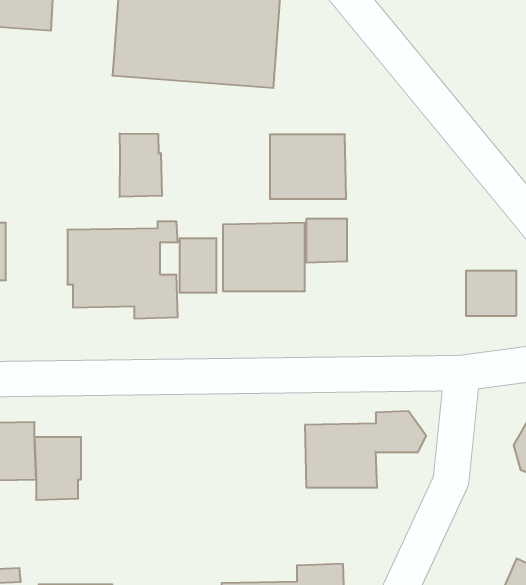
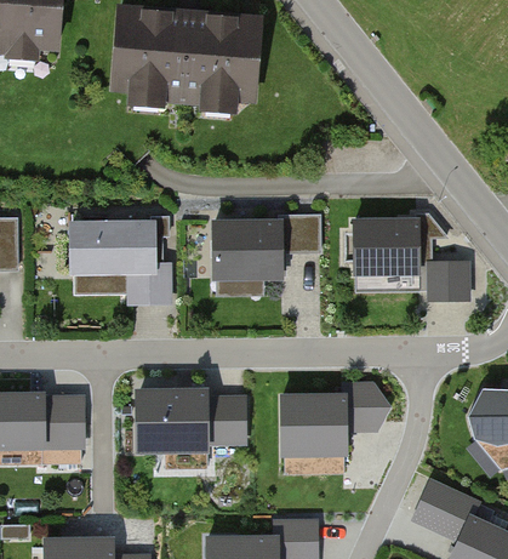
building: [120,133,162,197] -> none
building: [270,135,346,199] -> [352,217,419,274]
building: [180,238,216,293] -> none
building: none -> [139,393,245,447]
building: none -> [416,481,468,531]

